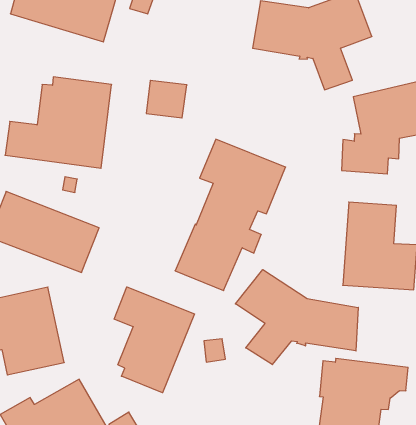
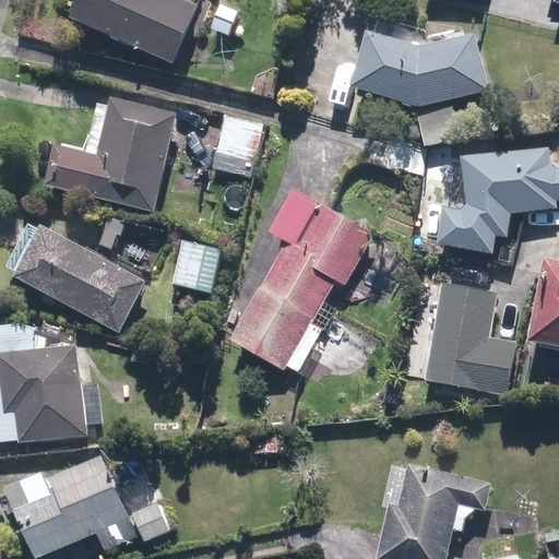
building: none -> [171,241,219,292]
building: [235,270,358,365] -> none
building: [114,287,194,393] -> none

